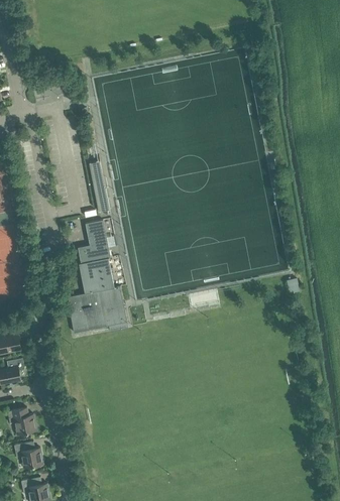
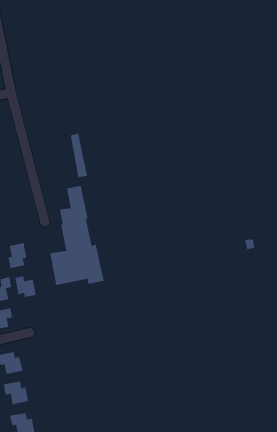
building: none -> [8,242,27,269]
building: none -> [15,276,36,298]

